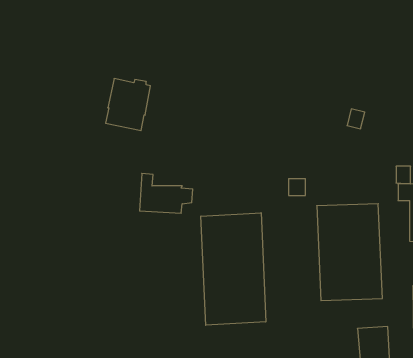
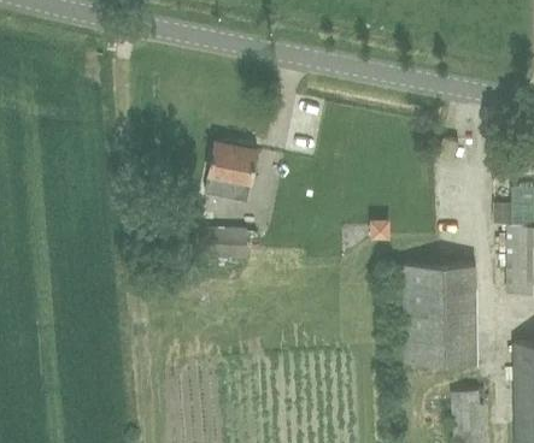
building: [106,79,150,131] -> [205,142,257,202]
building: [201,213,266,325] -> none

